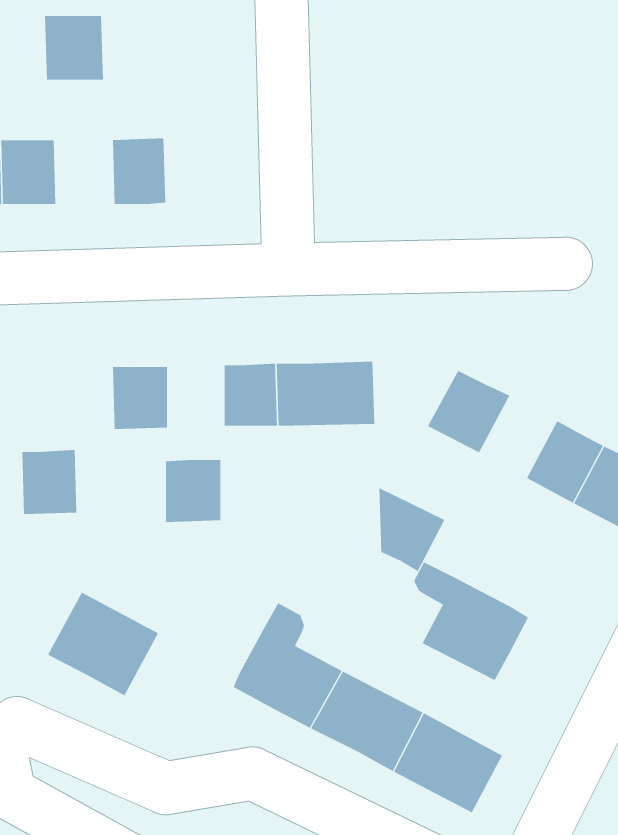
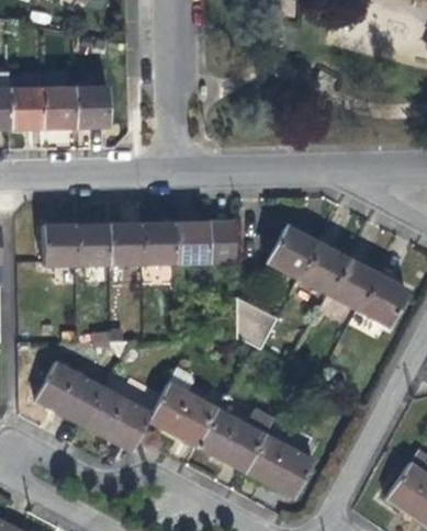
building: [44,15,104,80] -> [41,87,77,126]
building: none -> [300,242,347,293]
building: [21,450,77,514] -> [43,225,77,264]
building: [165,459,221,522] -> [110,224,144,262]
building: [414,561,529,681] -> none
building: none -> [83,387,153,452]

